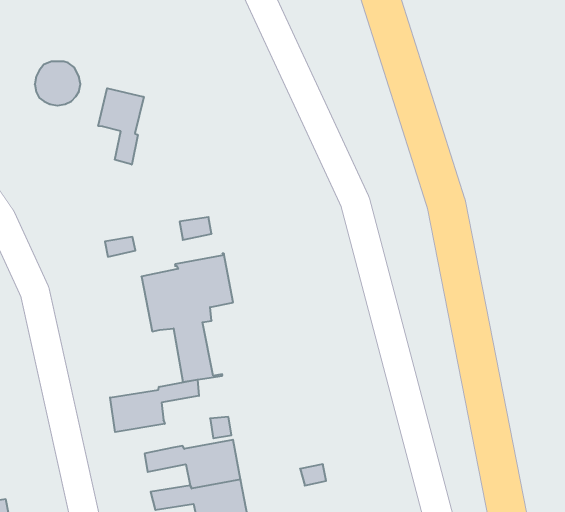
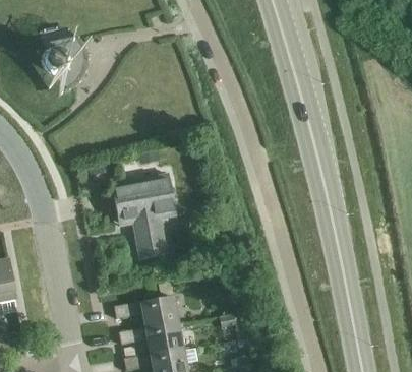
building: [98,88,144,165] -> none
building: [110,380,199,432] -> none

